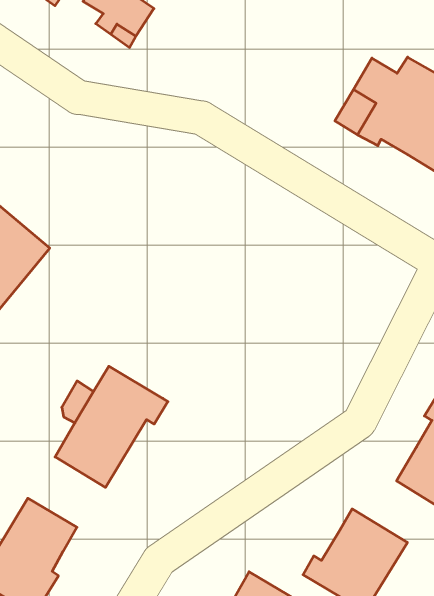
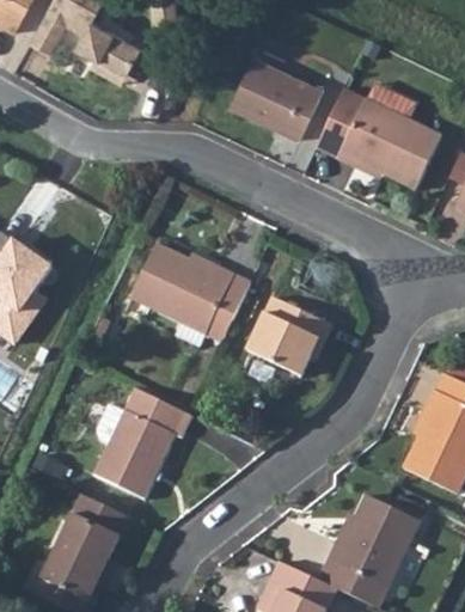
building: none -> [232,50,326,136]
building: none -> [134,251,259,350]
building: none -> [243,294,328,373]

